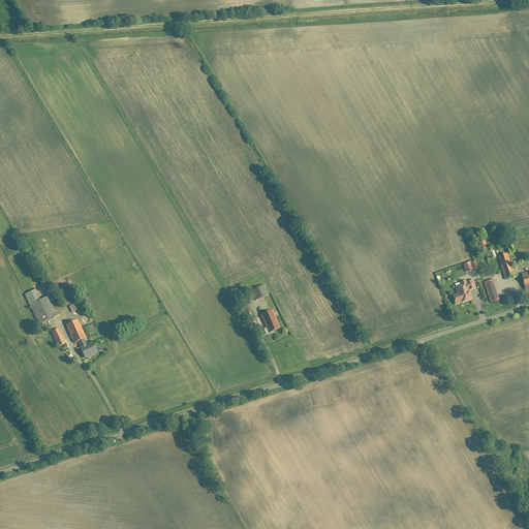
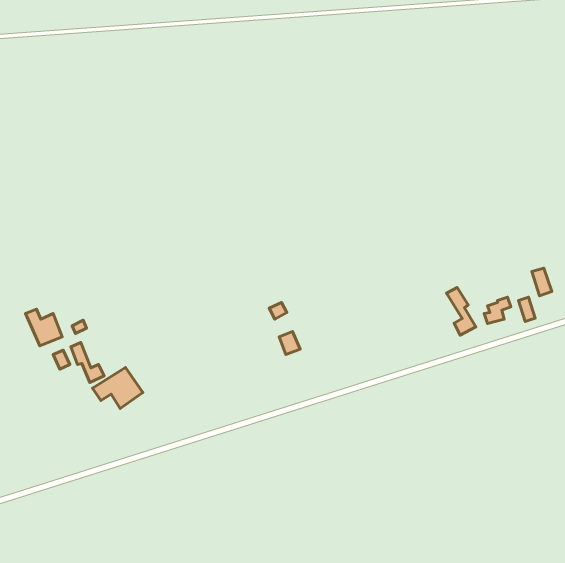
building: none -> [447,287,476,335]
building: none -> [92,368,143,409]

